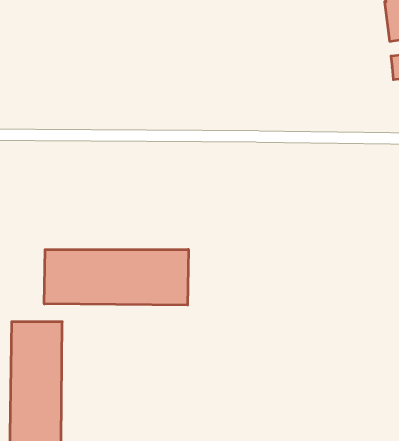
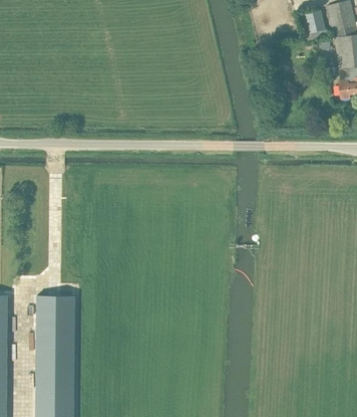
building: [44,249,188,305] -> none

